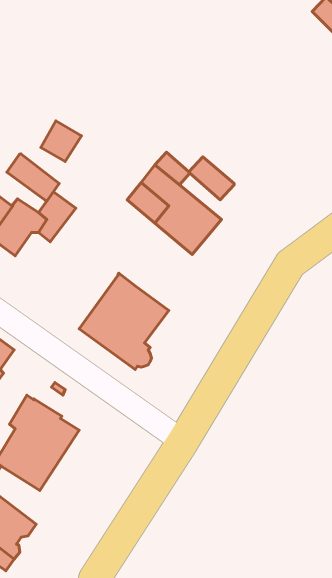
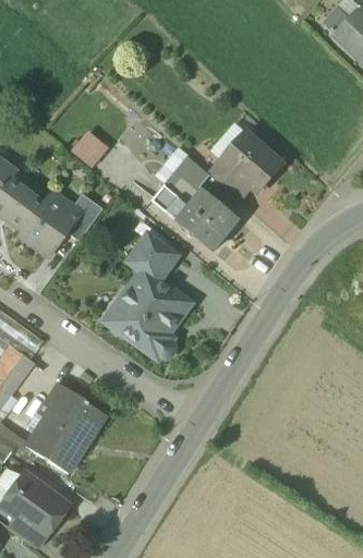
building: none -> [221,132,281,191]
building: [7,154,59,201] -> none
building: none -> [129,234,176,280]

